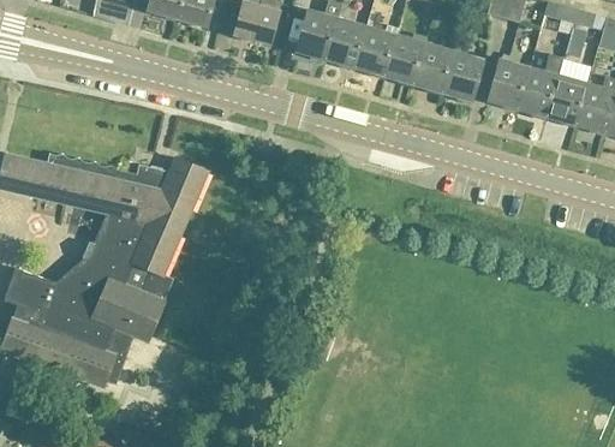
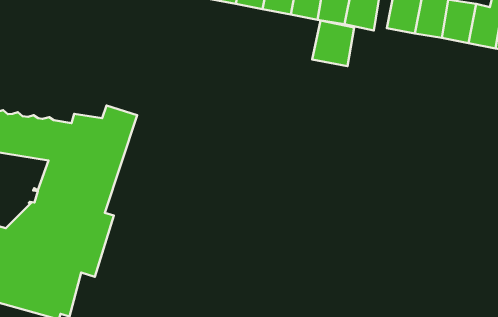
building: none -> [312,20,354,66]

